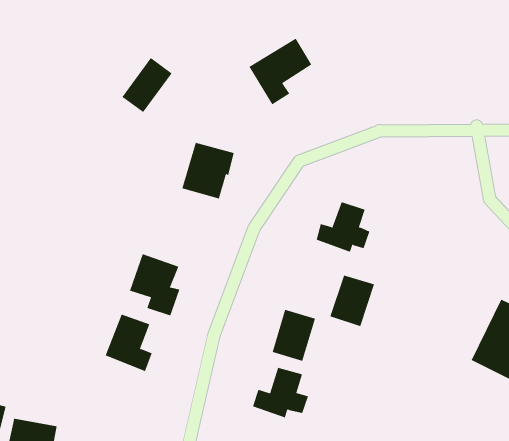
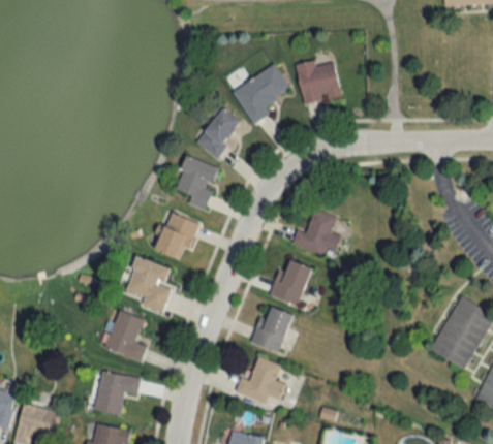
building: none -> [297,61,339,103]
building: [121,57,172,113] -> [195,107,241,157]
building: none -> [154,212,196,261]
building: [330,275,375,327] -> [271,259,311,306]
building: none -> [94,370,140,412]

